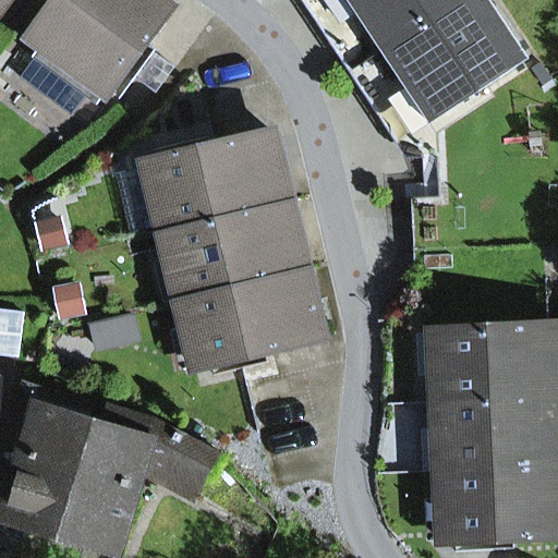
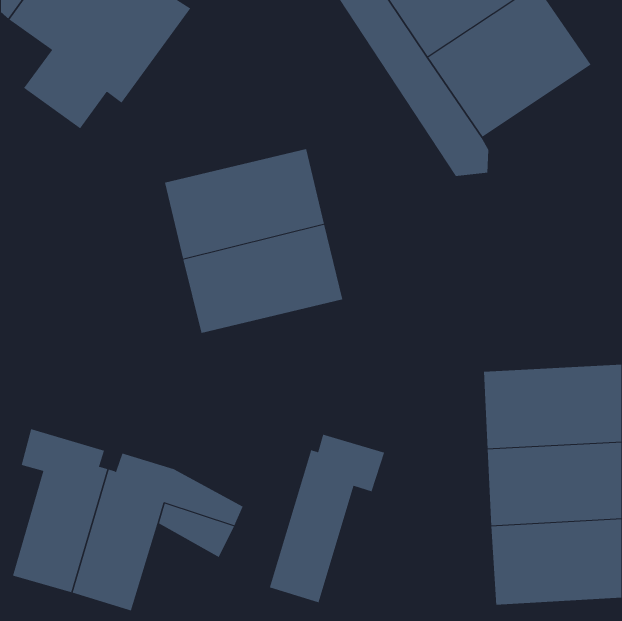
building: [180,268,324,367] -> none
building: none -> [269,434,385,603]

